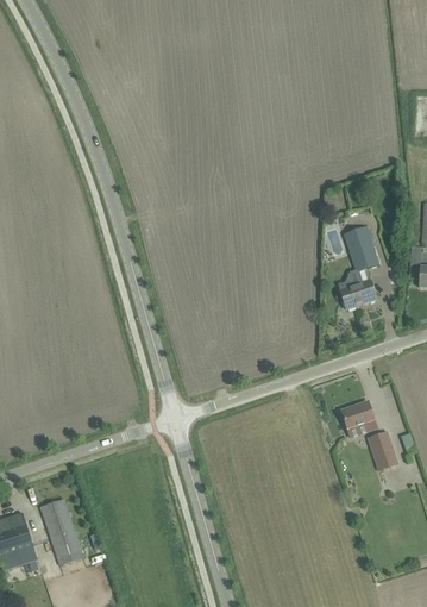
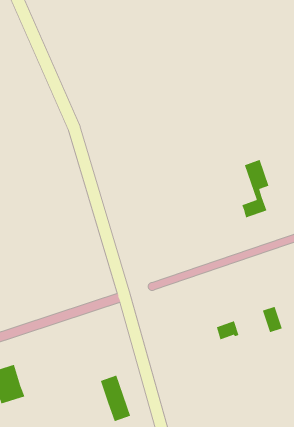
building: [340,400,373,428] -> [216,320,240,341]
building: [39,498,83,564] -> [100,374,131,422]

